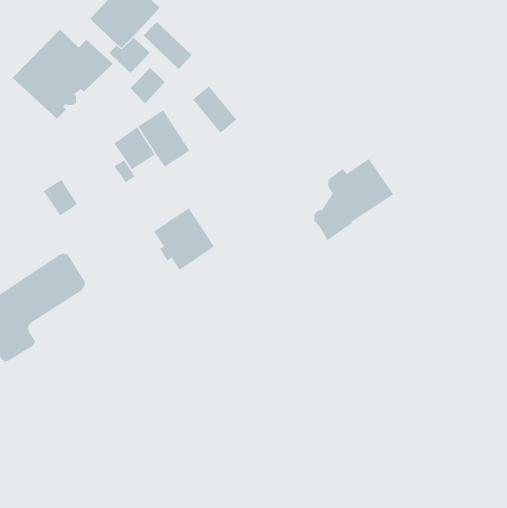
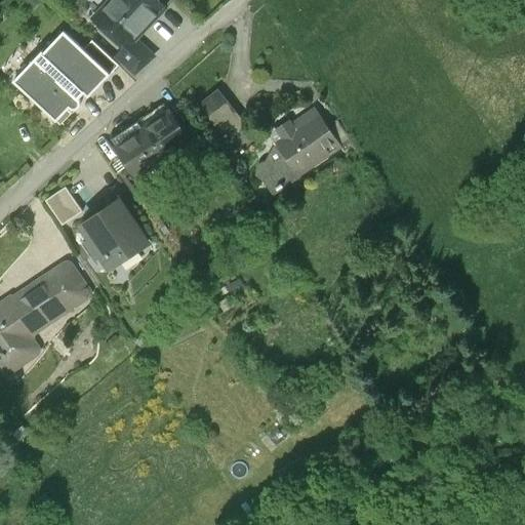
building: [143,21,192,70] -> none
building: [130,67,166,104] -> none
building: [313,158,394,241] -> [256,109,339,194]
building: [153,208,215,270] -> [82,199,146,264]

